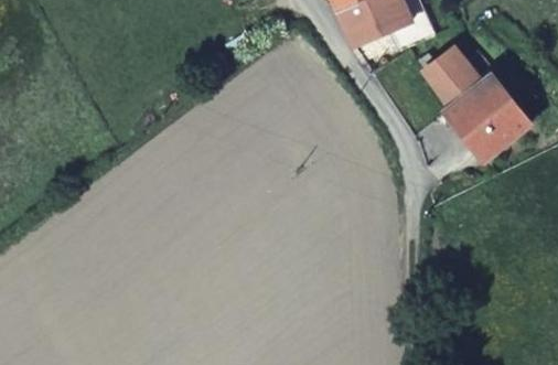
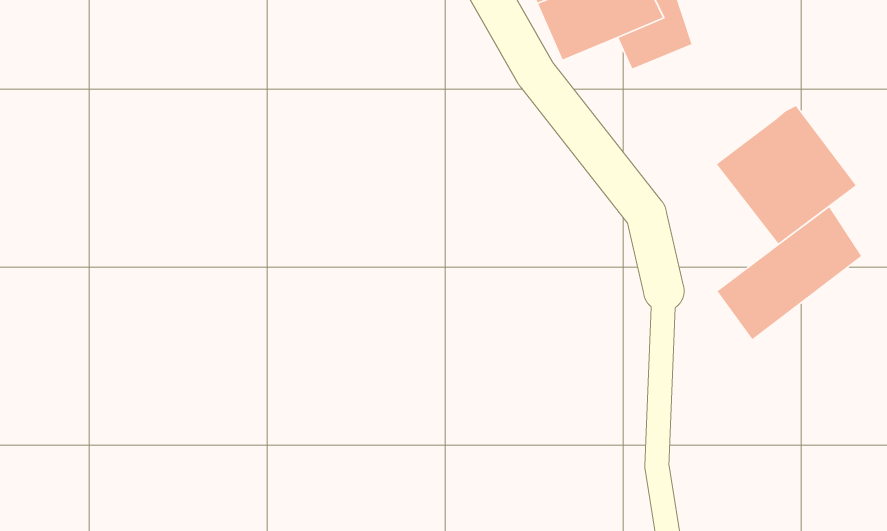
building: [421,45,481,108] -> none
building: none -> [717,206,862,340]

